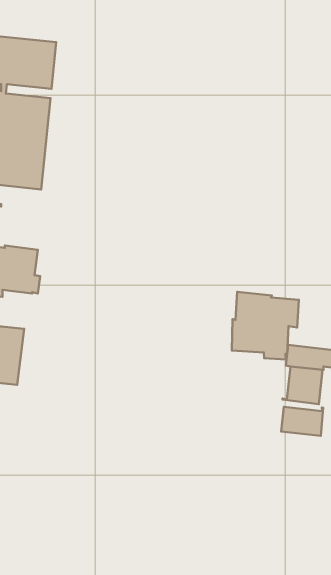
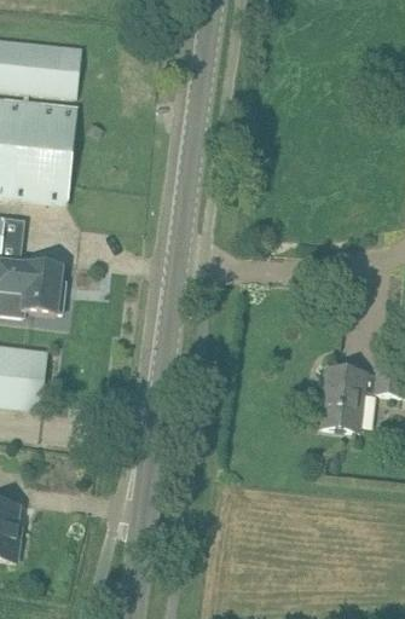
building: [232,292,299,359] -> none
building: [281,407,323,436] -> none

